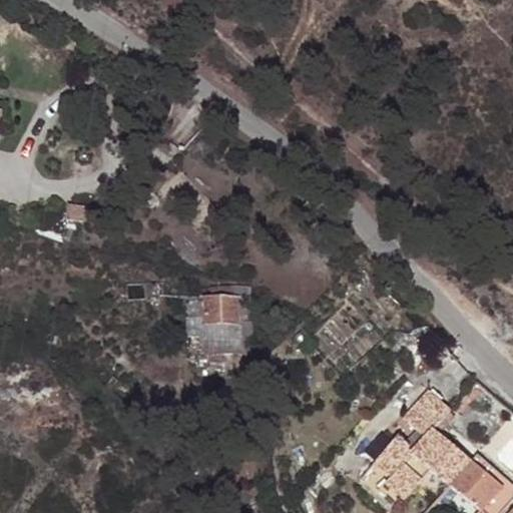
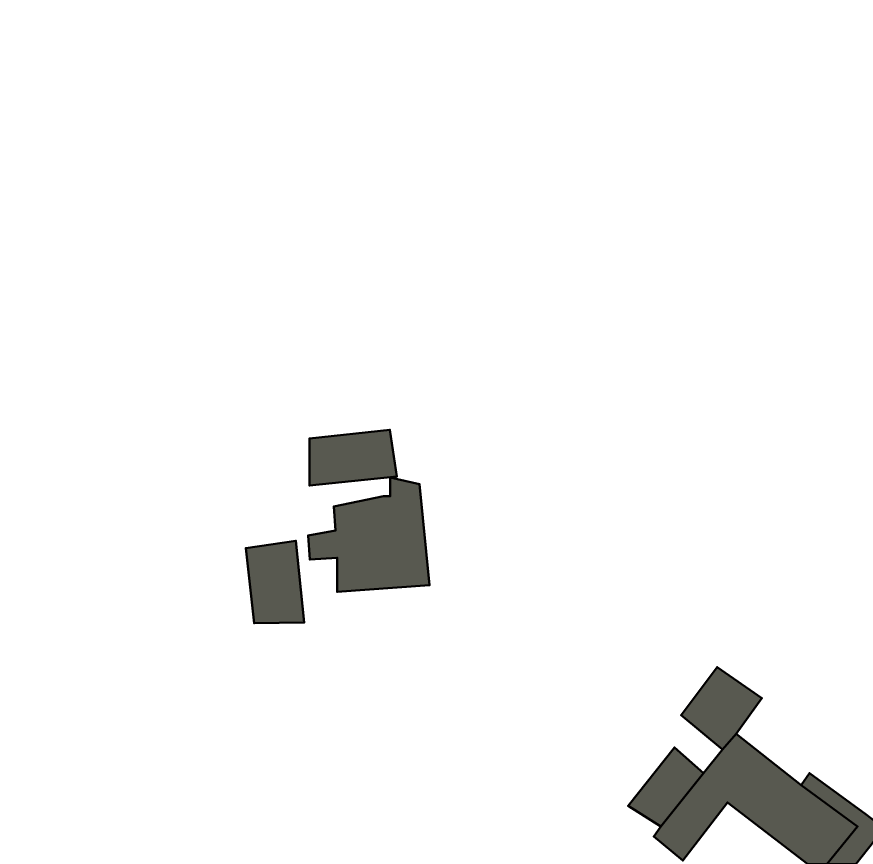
building: none -> [309,430,397,486]
building: none -> [246,541,304,623]

